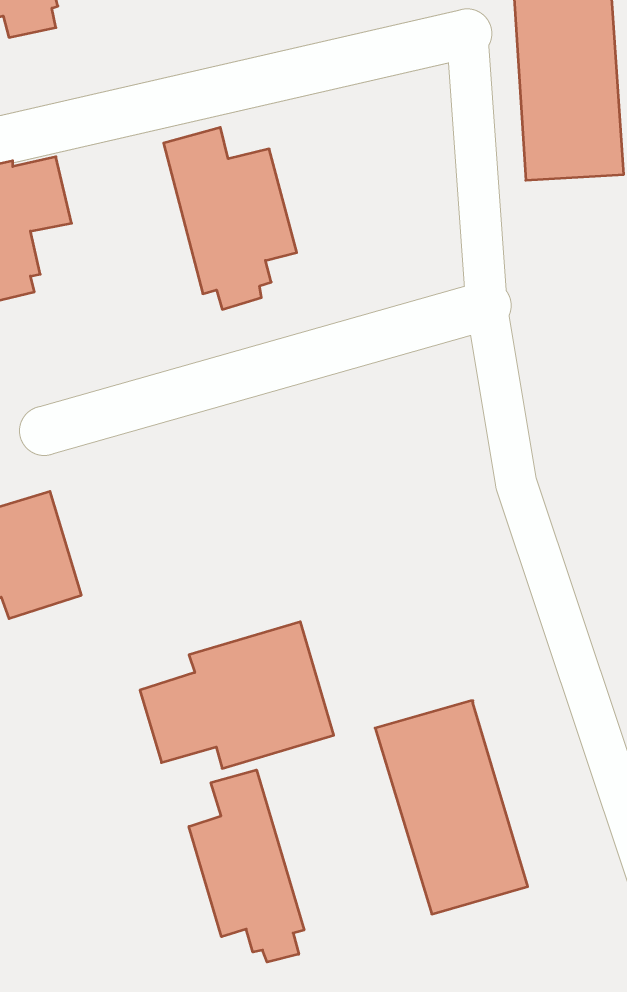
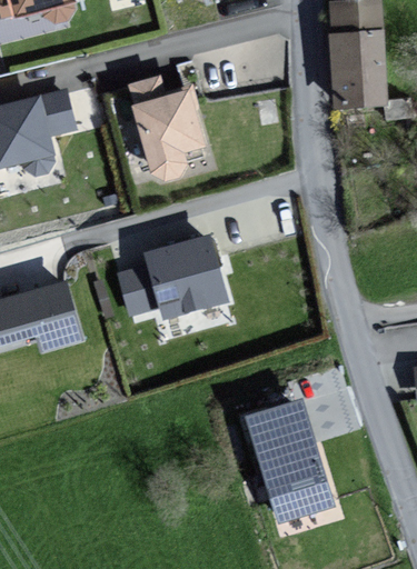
building: [140,622,334,768] -> [118,236,228,319]
building: [189,770,304,962] -> none

